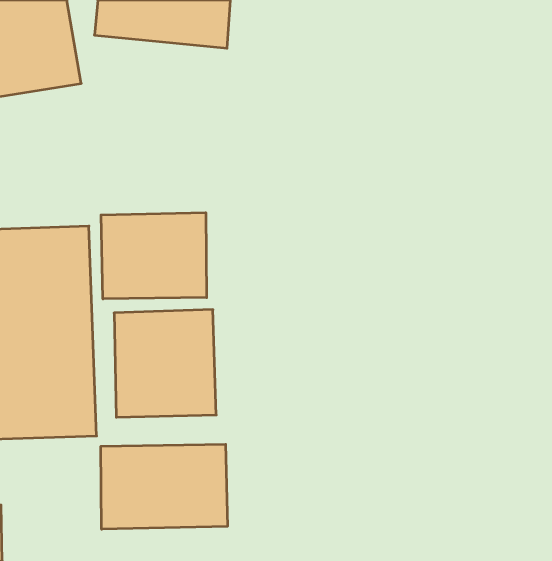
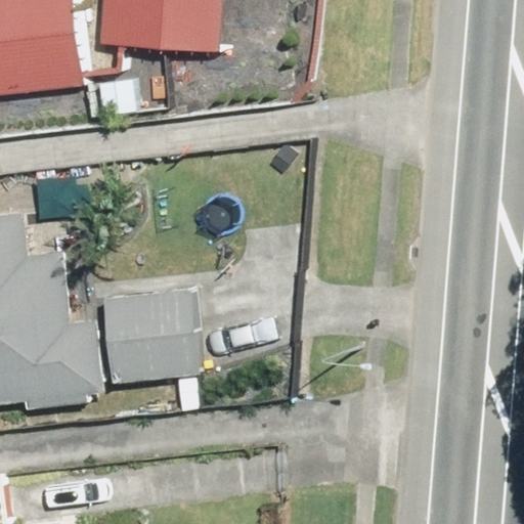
building: [101,213,207,299] -> none
building: [101,444,227,529] -> none

